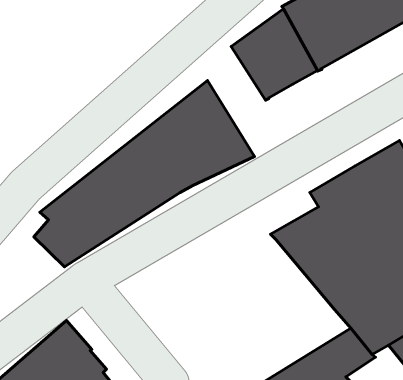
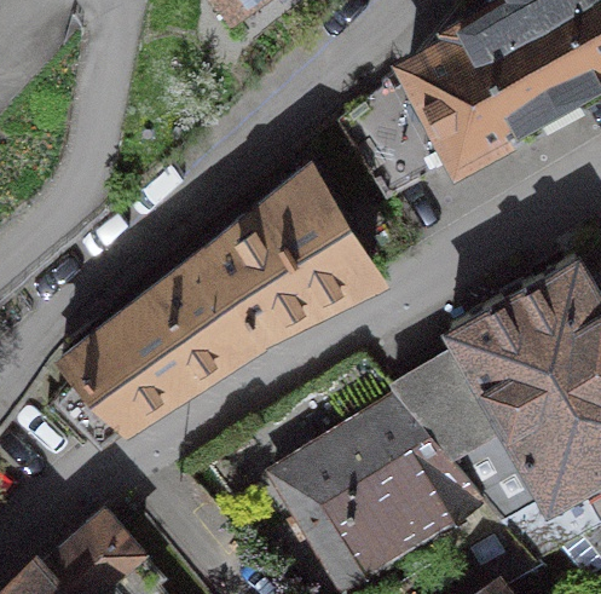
building: none -> [278,393,489,579]

